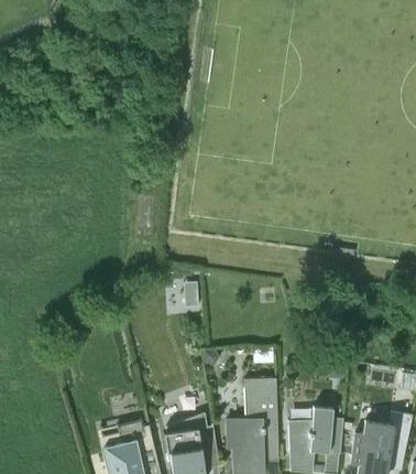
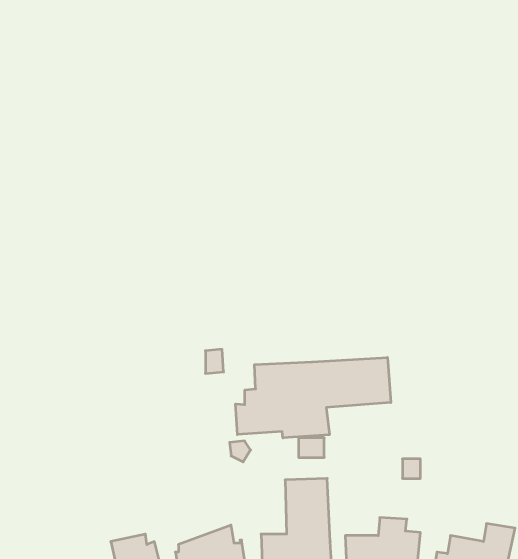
building: none -> [236,357,391,438]

